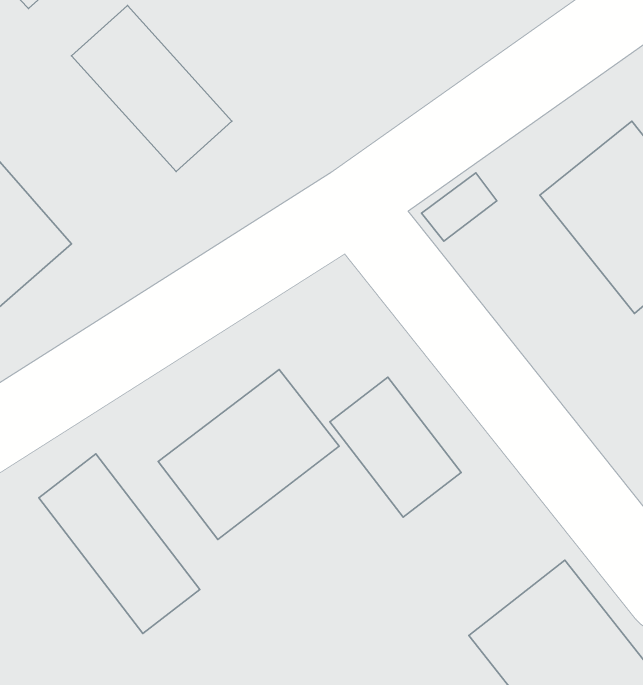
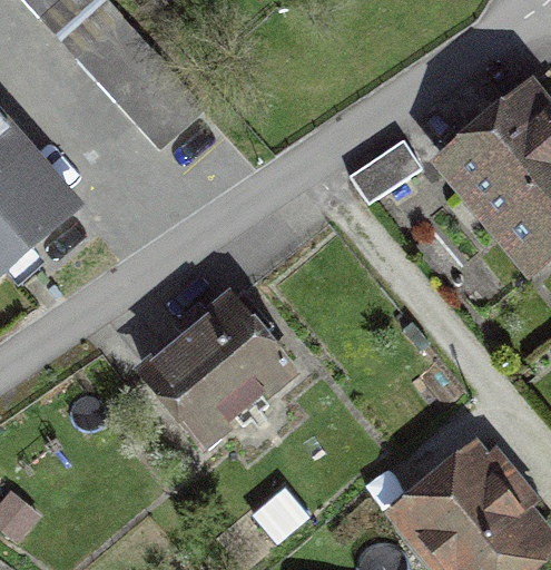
building: [330,377,461,517] -> none
building: [39,454,200,633] -> none

